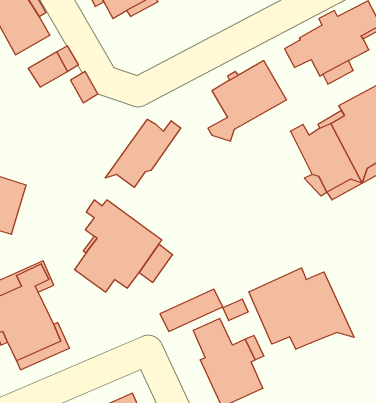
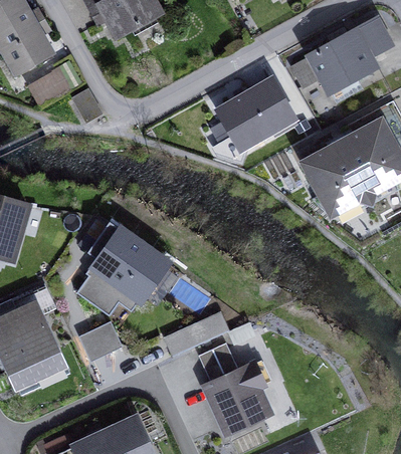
building: [105,119,181,187] -> none
building: [249,268,354,349] -> none
building: none -> [79,321,123,361]

